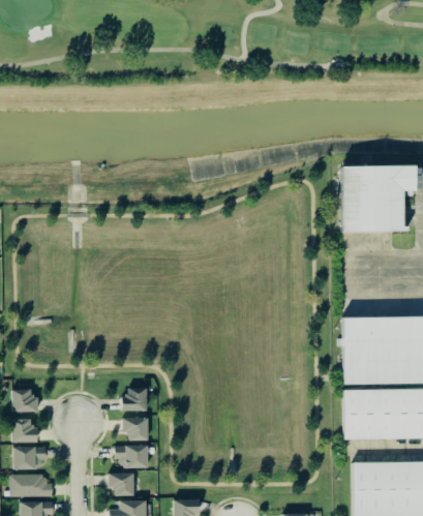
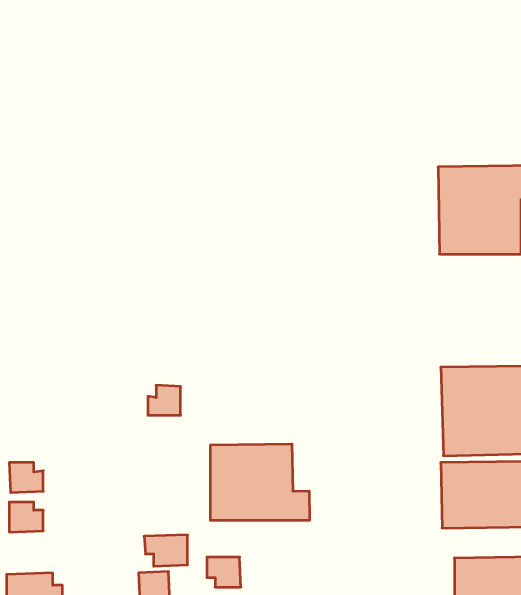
building: none -> [210,444,309,520]
building: [122,388,147,411] -> [148,385,181,415]
building: [123,418,149,441] -> [207,557,241,587]
building: [13,447,46,469] -> none

